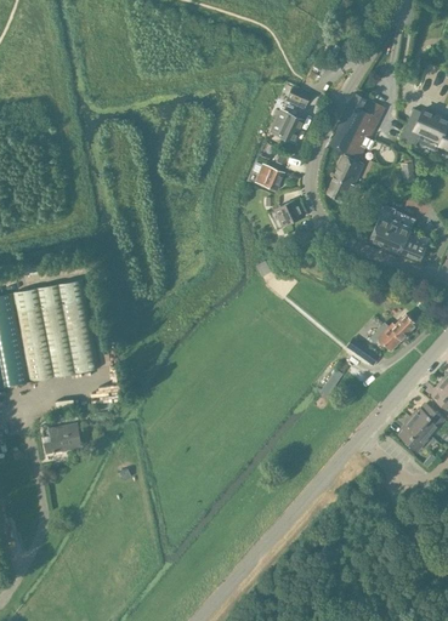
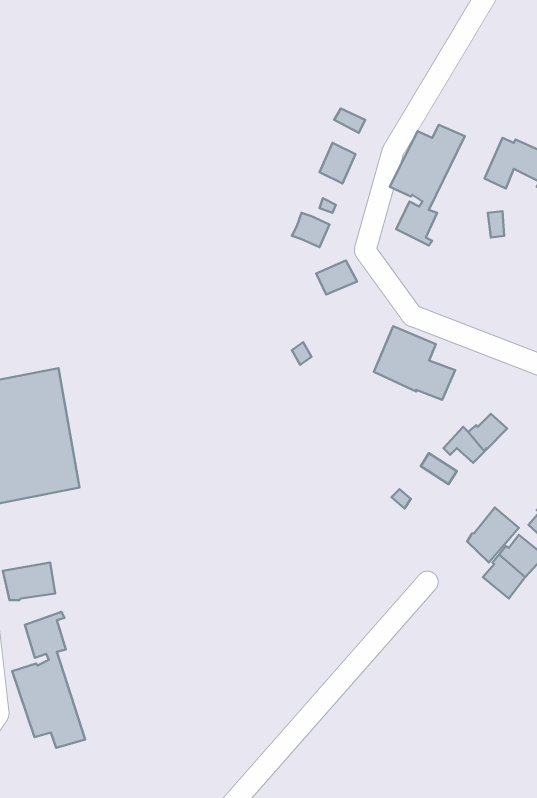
building: [325,177,358,205] -> none
building: [369,206,430,261] -> [374,326,455,400]
building: none -> [467,508,519,562]
building: none -> [12,612,85,748]

